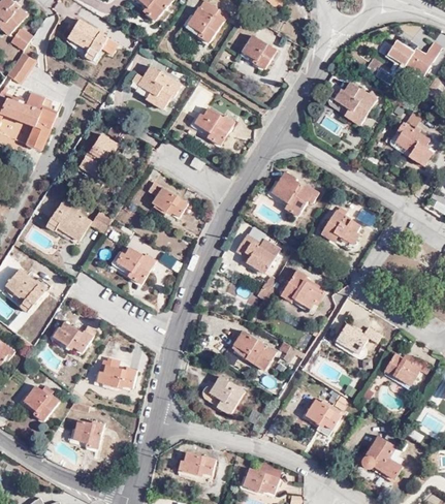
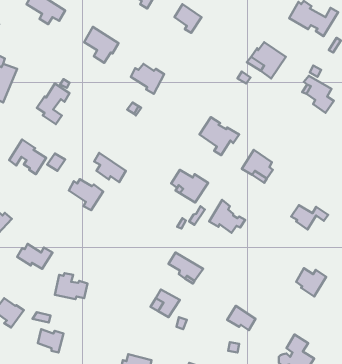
building: [147,180,185,215] -> [94,153,126,182]
building: [337,324,381,353] -> [291,205,328,229]

